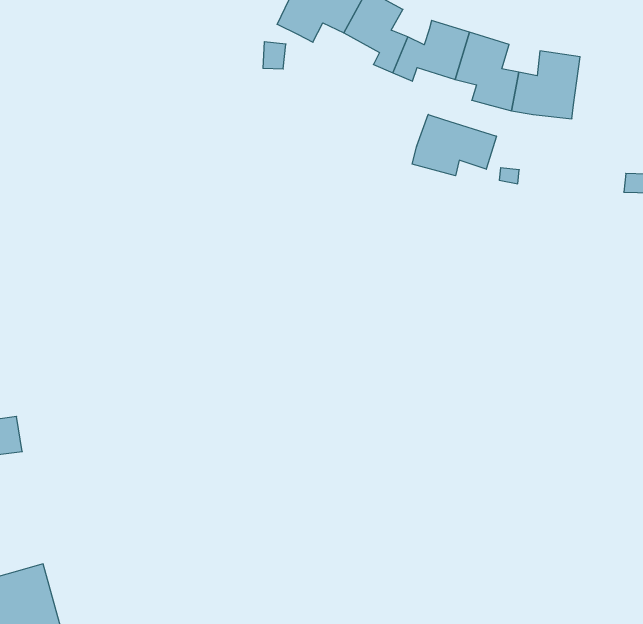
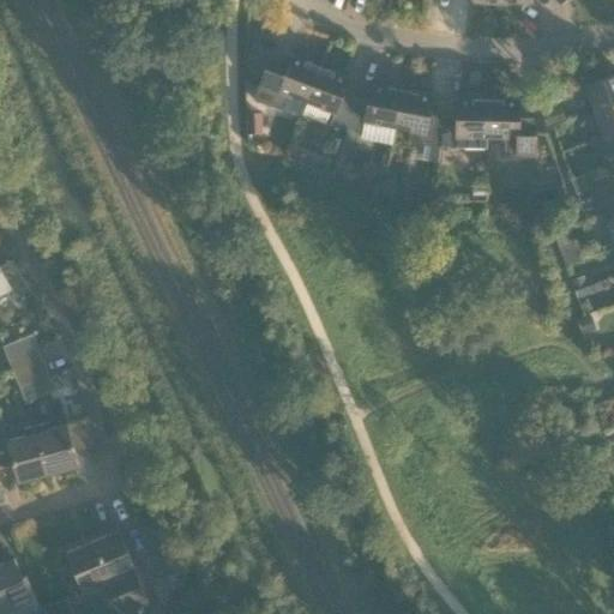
building: none -> [486,103,531,158]
building: [412,114,496,176] -> none

